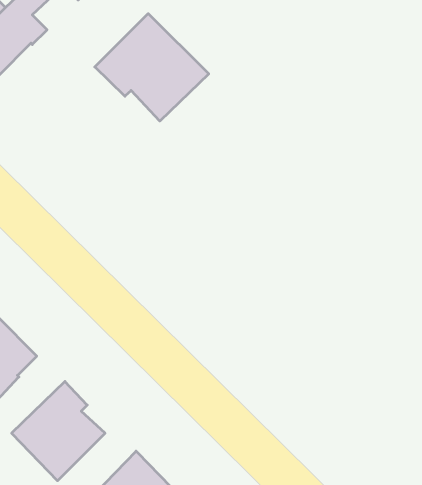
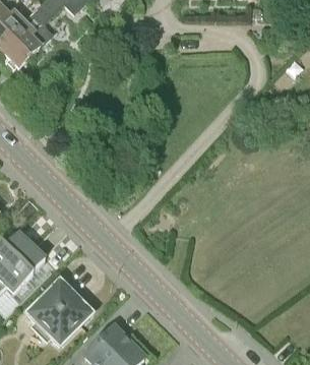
building: [95,14,209,121] -> none

